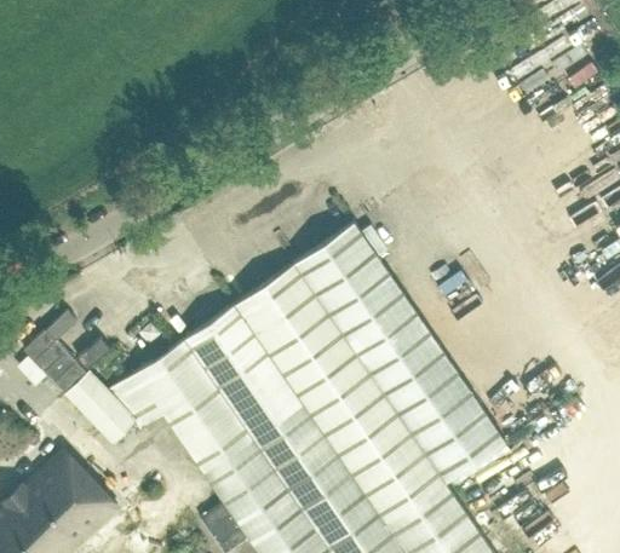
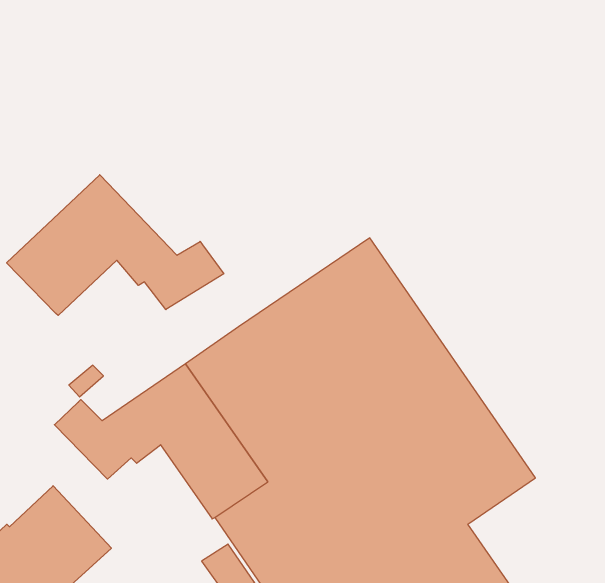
building: none -> [7,175,224,315]
building: [27,312,88,394] -> none

